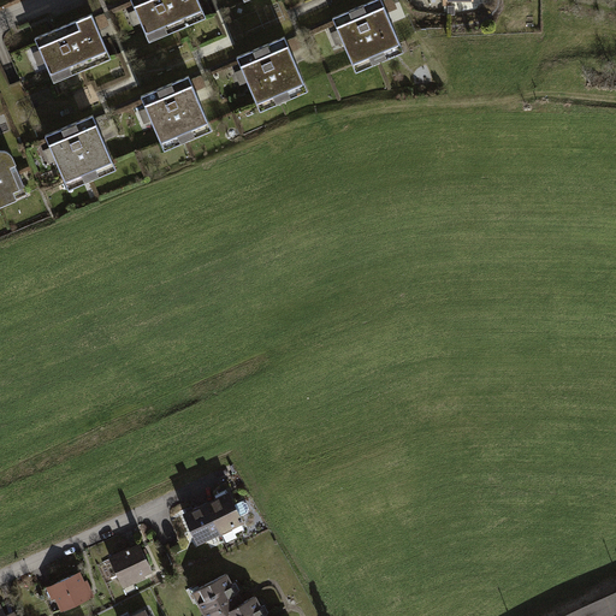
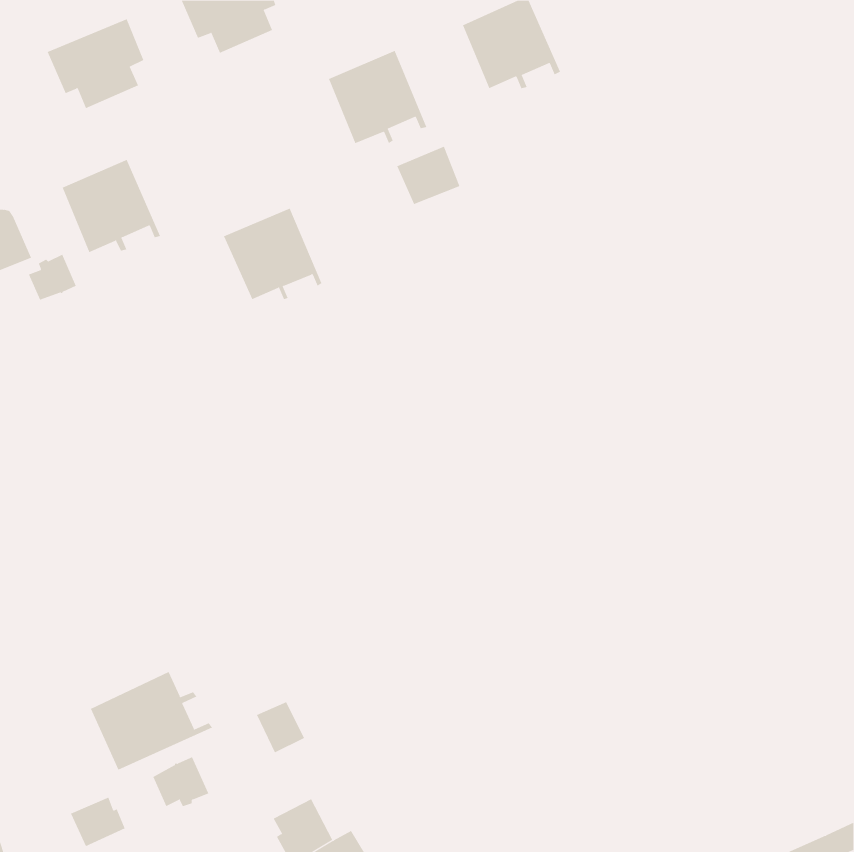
building: [140,78,211,144] -> [223,208,322,300]
building: none -> [396,146,460,205]
building: none -> [28,254,77,301]
building: none -> [90,671,213,771]
building: [206,496,248,533] -> none

